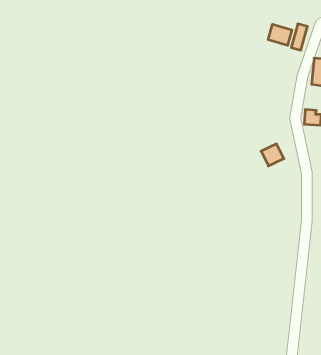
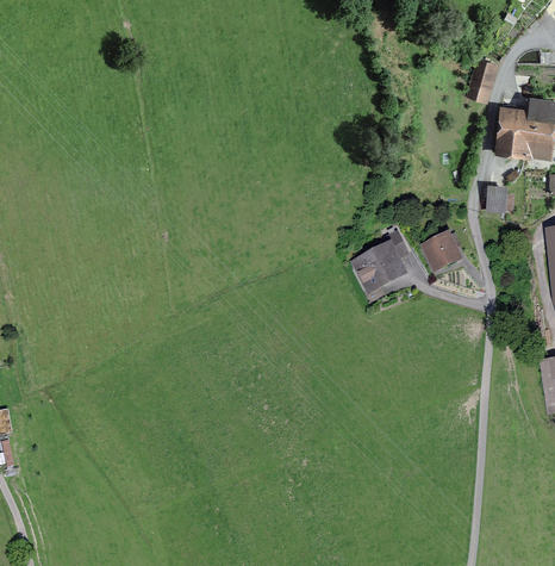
building: [268,24,292,45] -> none
building: none -> [355,232,406,288]

